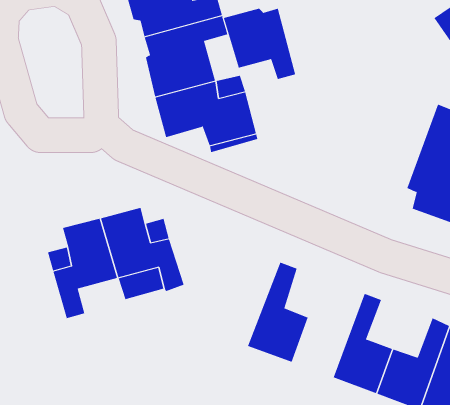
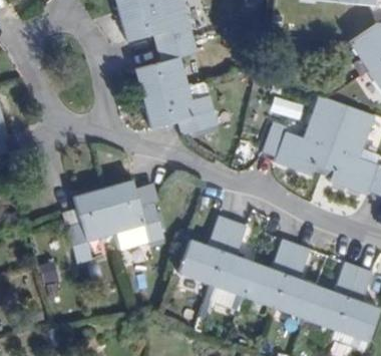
building: [223,8,296,80] -> none
building: none -> [264,94,350,174]
building: none -> [176,215,234,283]
building: none -> [243,239,296,306]

